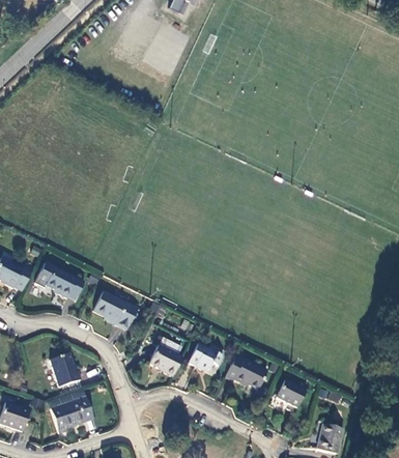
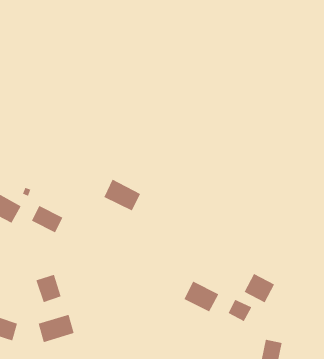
building: [90,289,135,327] -> [103,179,141,211]
building: [149,344,181,375] -> none
building: [189,344,223,372] -> none
building: none -> [244,273,275,303]

